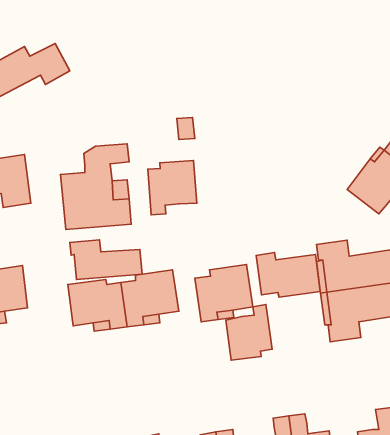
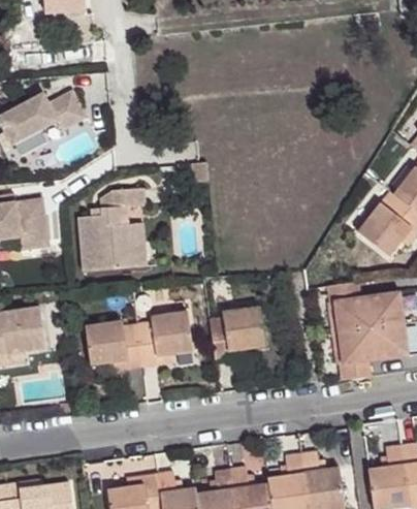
building: [148,161,197,215] -> none
building: [70,240,142,279] -> none
building: [256,252,320,297] -> none
building: [226,305,272,360] -> none

